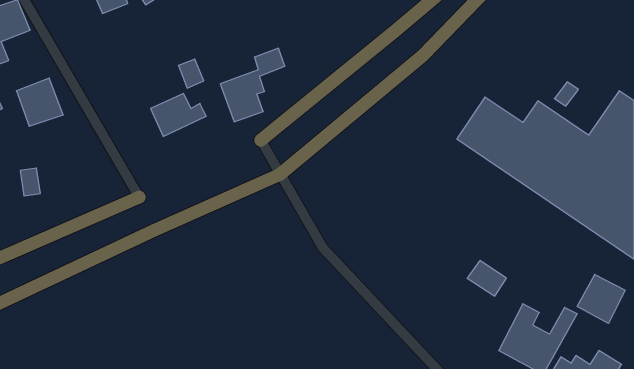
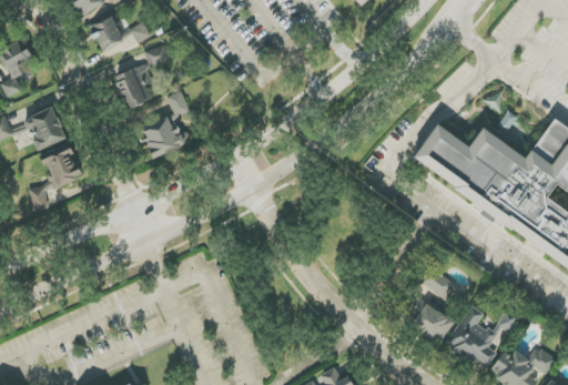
building: [220,48,285,122] -> [113,44,170,109]
building: none -> [41,143,83,188]
building: [577,274,625,323] -> none
building: none -> [404,297,454,341]

